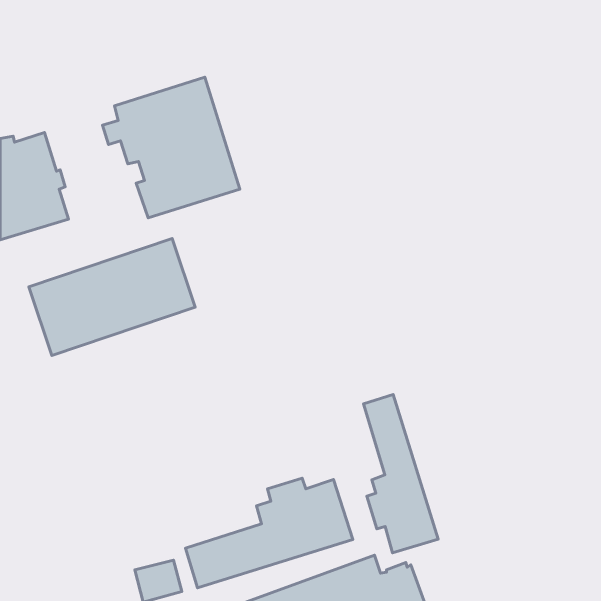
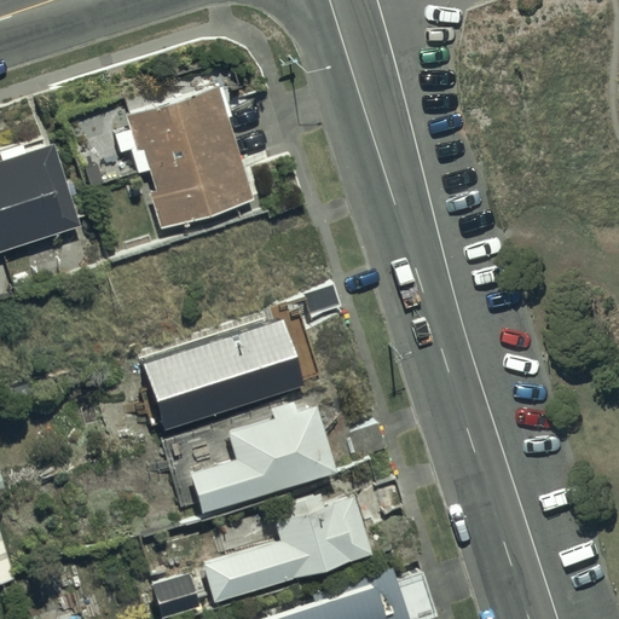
building: [29,239,195,355] -> [138,307,305,424]
building: none -> [186,403,332,513]
building: [363,394,438,553] -> none

